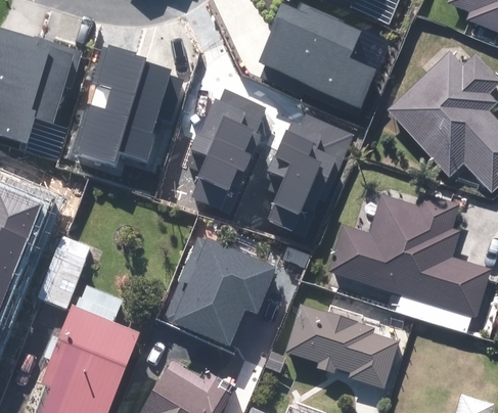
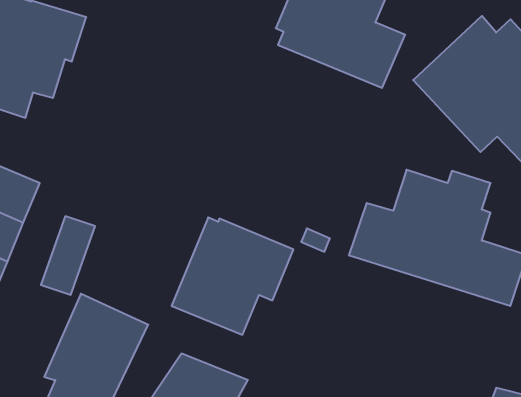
building: [70,45,184,167] -> none
building: [186,88,268,214] -> none
building: [259,112,355,238] -> none
building: [287,304,398,387] -> none

